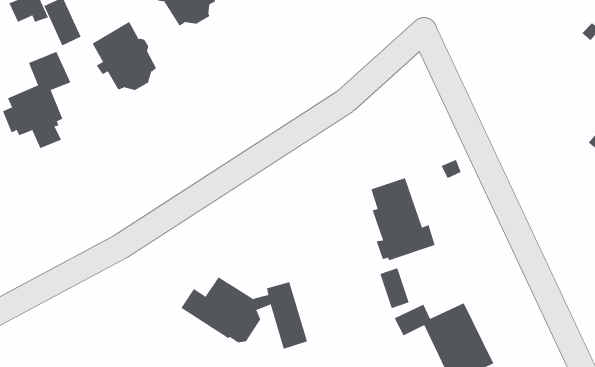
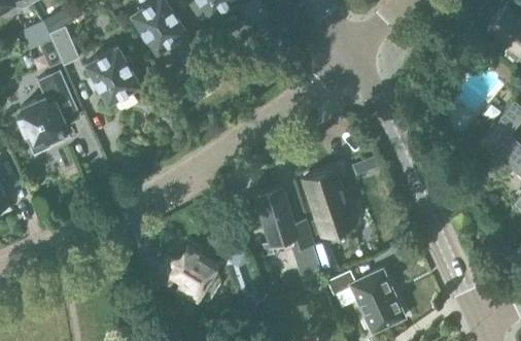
building: none -> [255,186,322,289]

